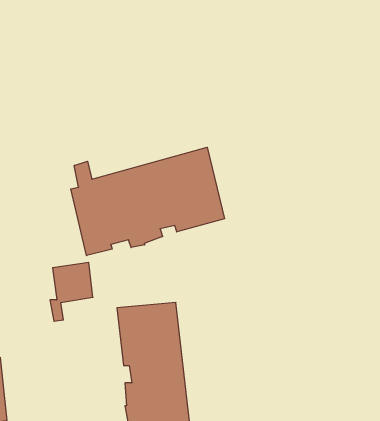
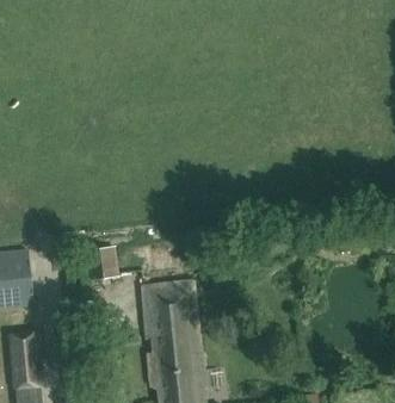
building: [71,147,225,256] -> none

